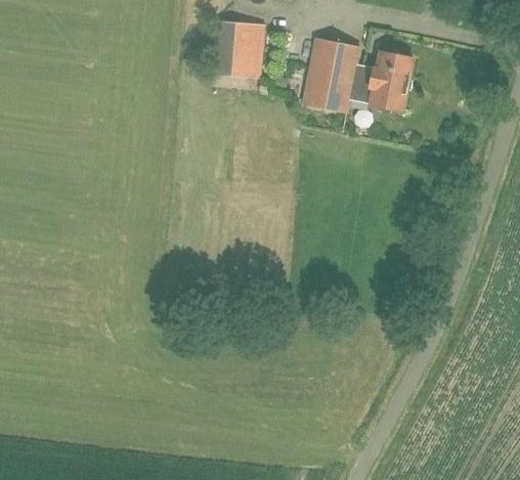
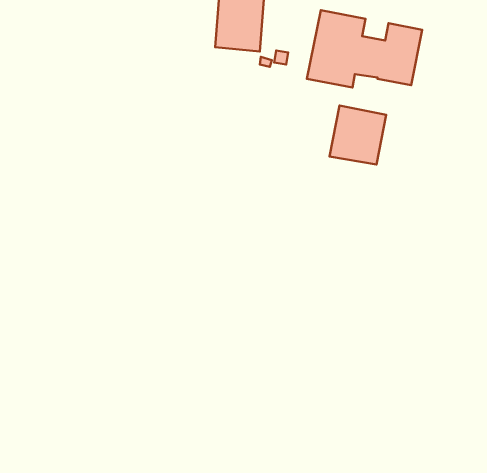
building: none -> [330,106,386,165]

